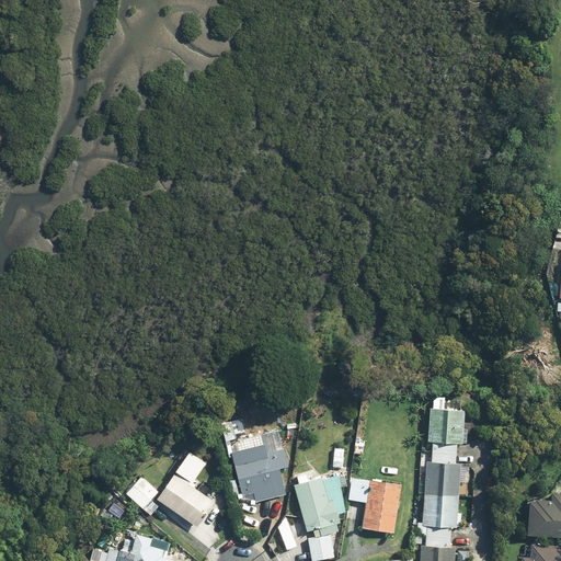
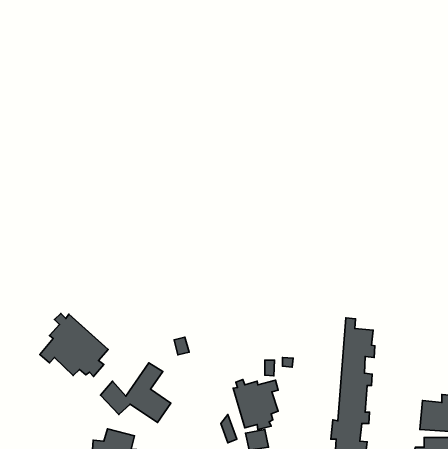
building: none -> [40,314,108,377]
building: [228,432,289,503] -> none
building: [348,478,401,534] -> none

